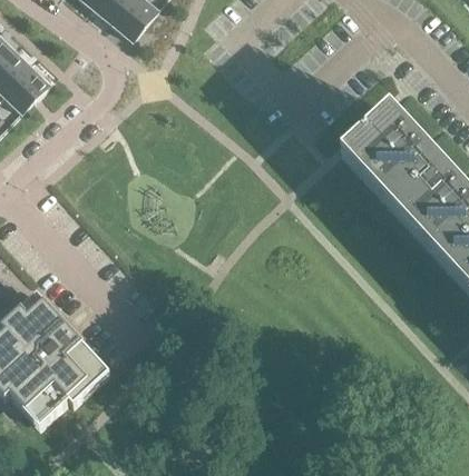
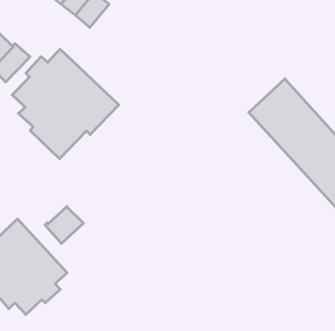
building: none -> [12,49,119,159]
building: none -> [45,206,83,244]

